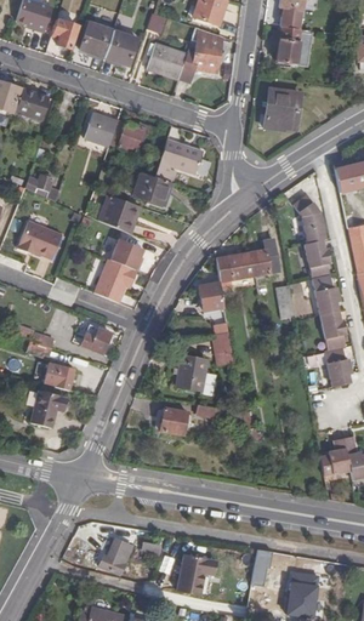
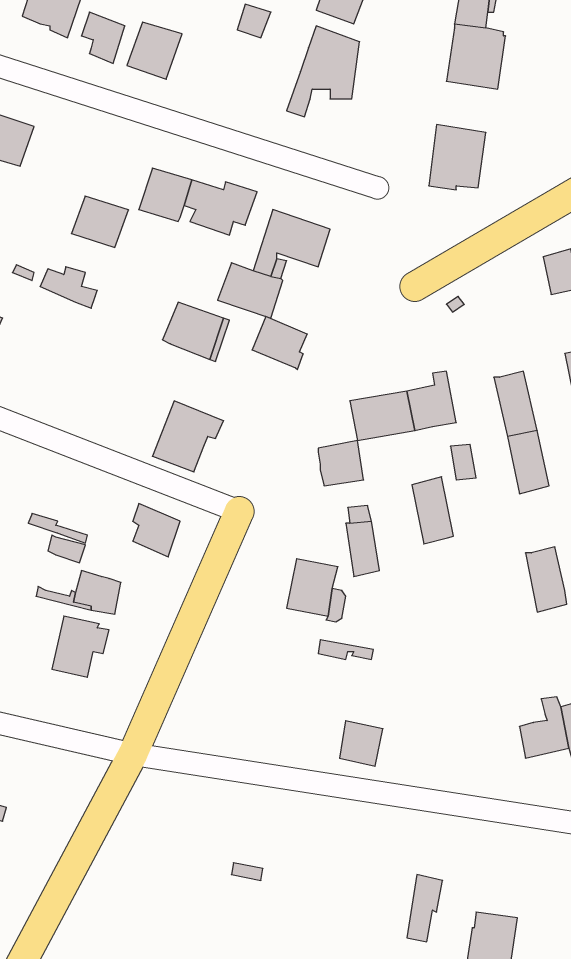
building: [103,32,137,68] -> none
building: [146,44,186,79] -> none
building: [16,90,51,121] -> [71,196,129,247]
building: [294,194,326,243] -> none
building: [17,221,62,258] -> none
building: [112,238,146,270] -> [252,316,307,370]
building: [320,309,346,351] -> [412,477,453,544]
building: [161,406,188,434] -> [340,721,383,766]
building: [101,539,133,575] -> none
building: [177,554,217,594] -> none

